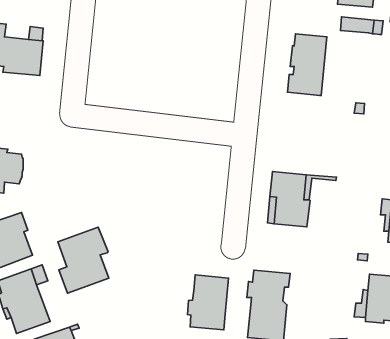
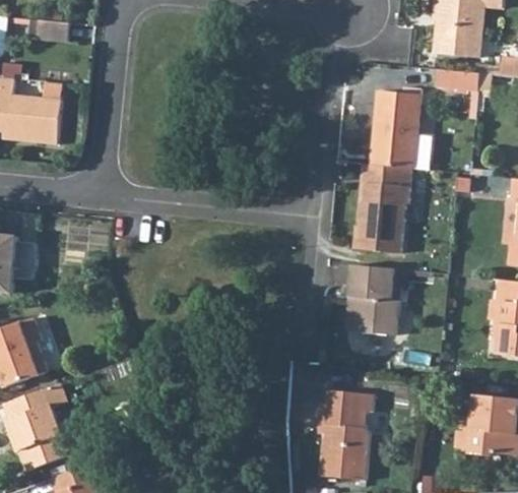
building: none -> [352,164,410,253]
building: [58,227,109,293] -> none
building: [188,275,229,330] -> none

